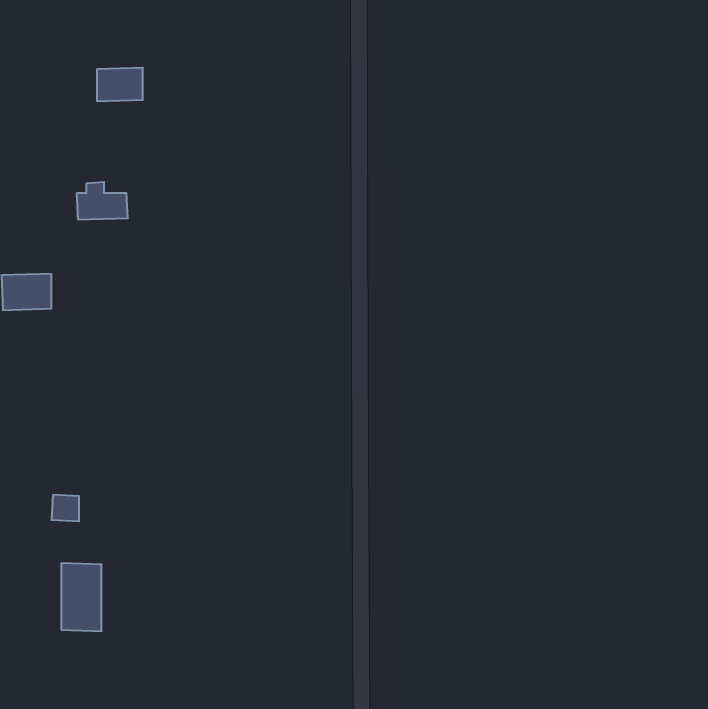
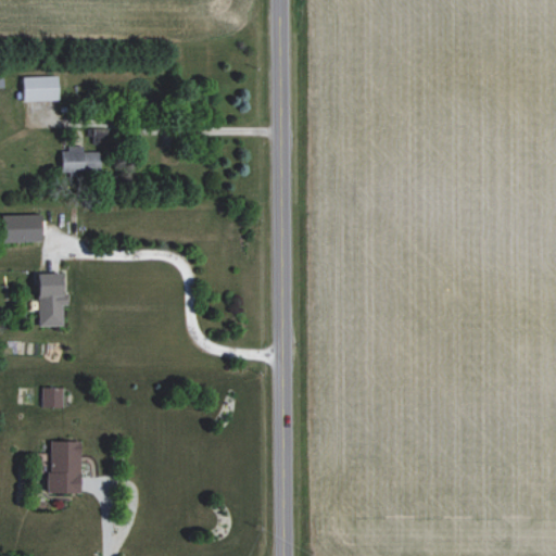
building: [97,68,143,101] -> [24,76,60,102]
building: none -> [38,274,68,327]

